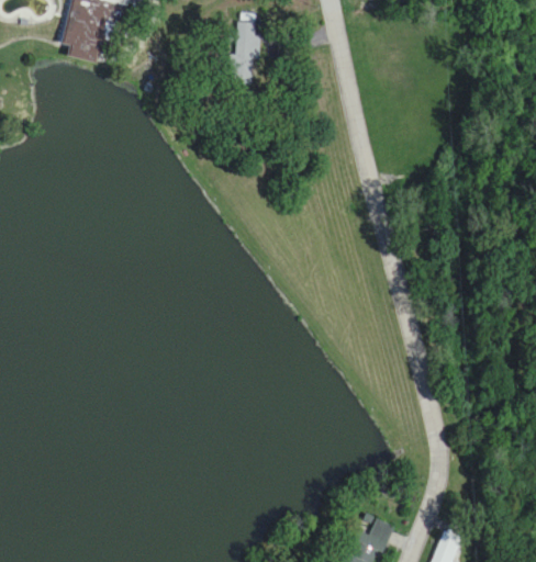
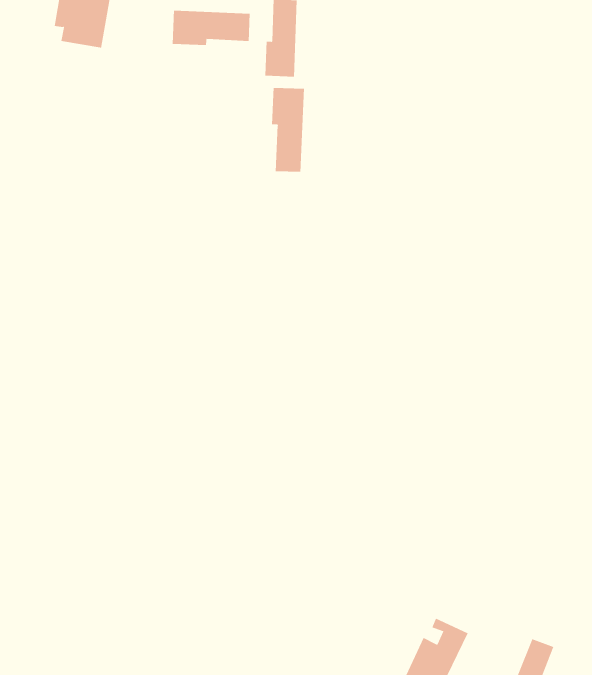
building: none -> [172,10,250,46]
building: none -> [272,87,305,172]

